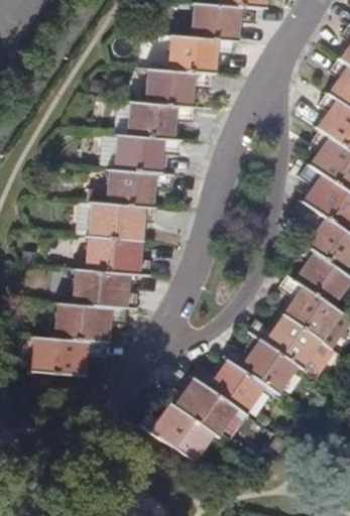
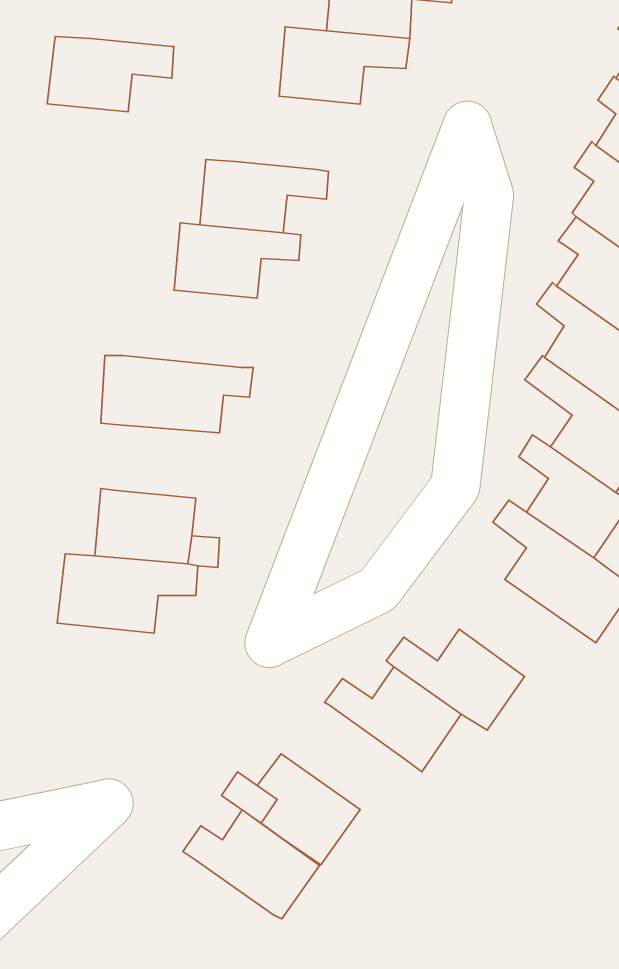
building: [146,70,211,108] -> [47,37,174,112]
building: [89,169,172,209] -> none
building: [86,238,149,277] -> none
building: [246,316,318,368] -> none
building: [33,337,107,377] -> none
building: [163,380,233,435] -> [183,810,320,919]

